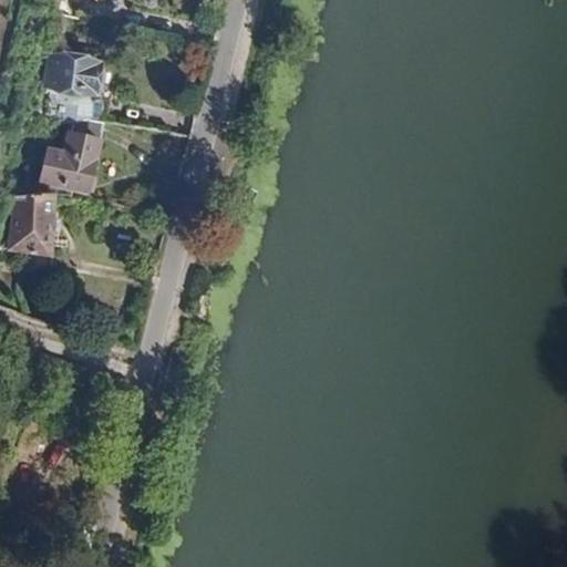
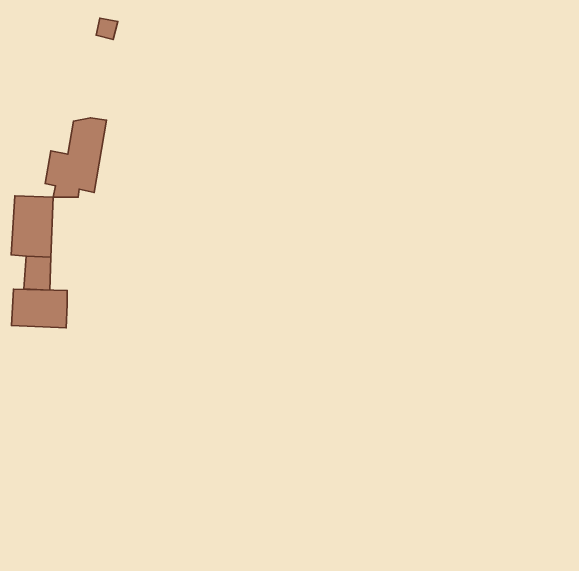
building: [45,52,96,124] -> none
building: none -> [12,289,67,328]

